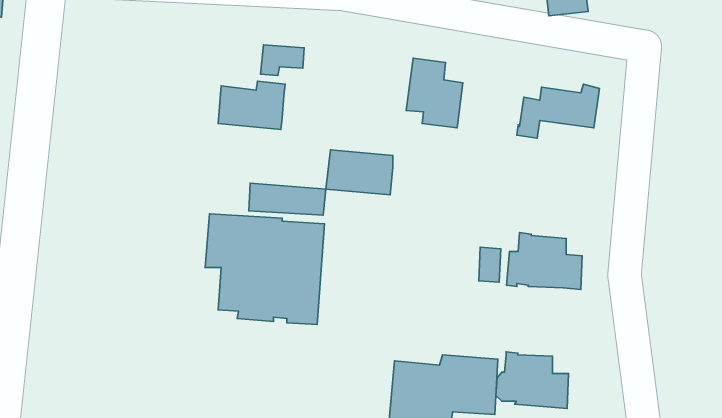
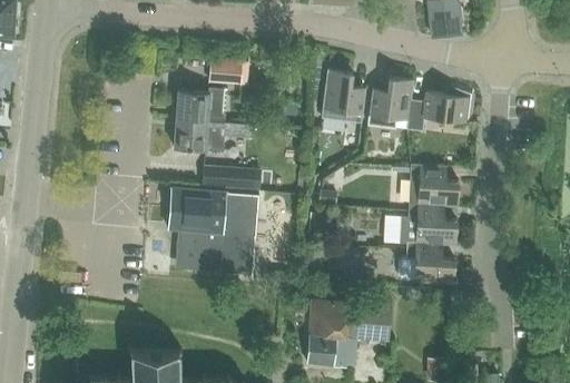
building: none -> [367,76,414,127]
building: [326,150,393,195] -> [175,119,226,154]
building: none -> [410,165,459,207]
building: [496,352,569,409] -> [399,242,454,285]

